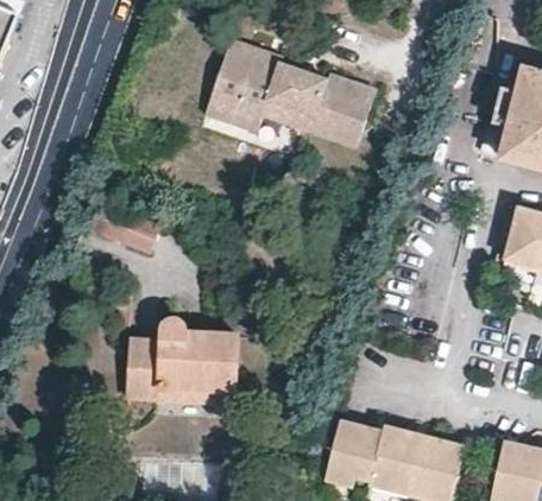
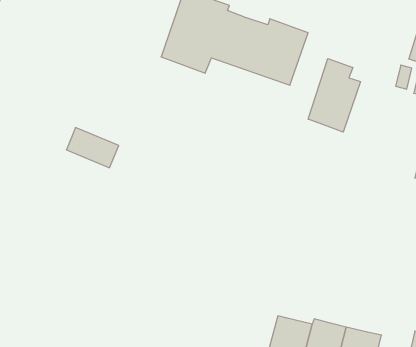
building: none -> [308,59,361,132]
building: [127,315,237,404] -> none

